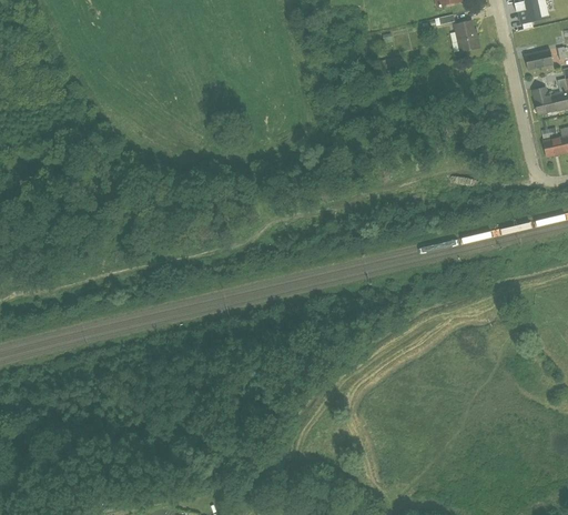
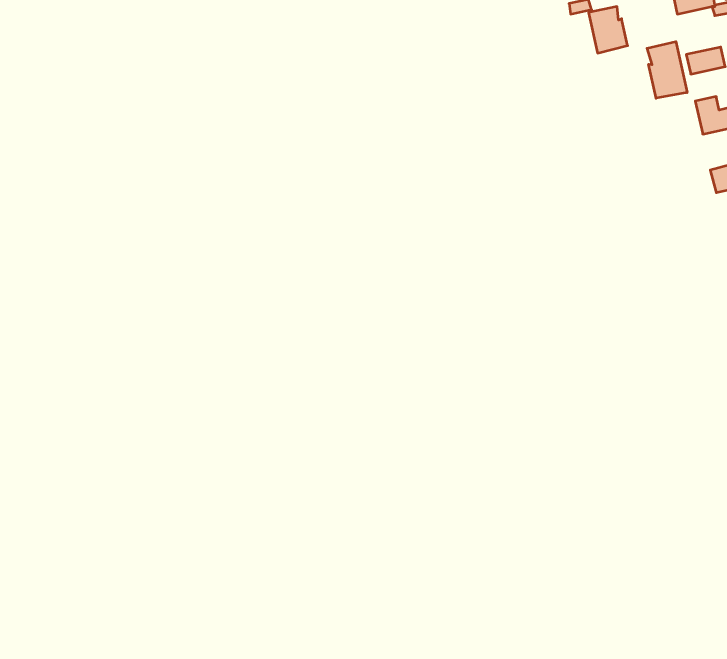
building: none -> [647,42,687,98]

